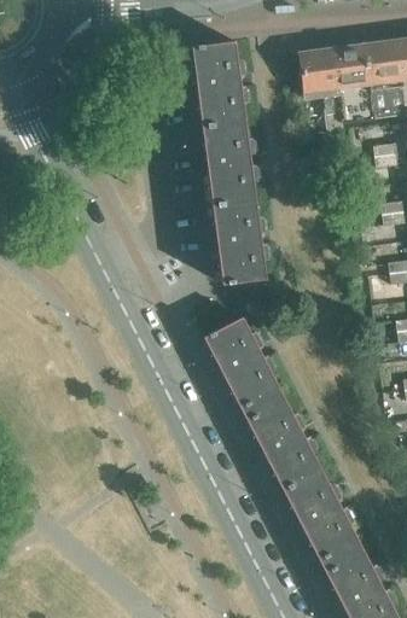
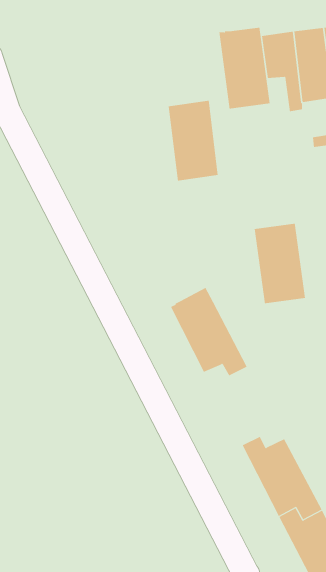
building: [190,40,244,126] -> [219,27,270,109]
building: [210,198,264,282] -> [254,223,306,304]
building: [238,396,322,483] -> none

